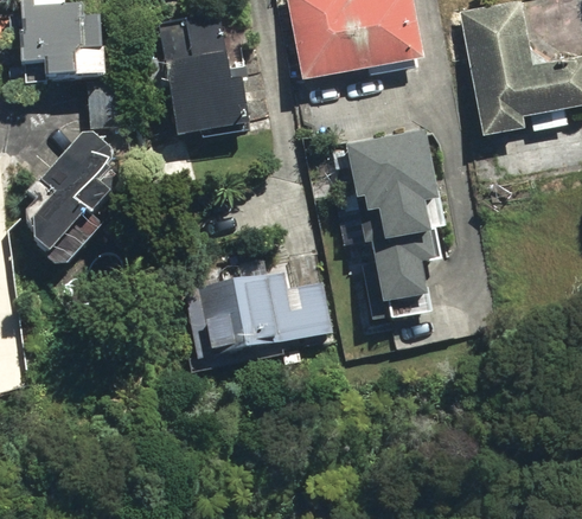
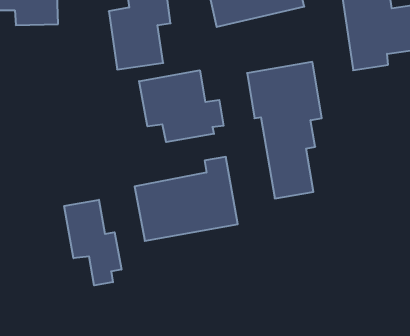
building: [31,133,145,269] -> none
building: none -> [139,70,224,142]
building: none -> [64,200,121,285]

